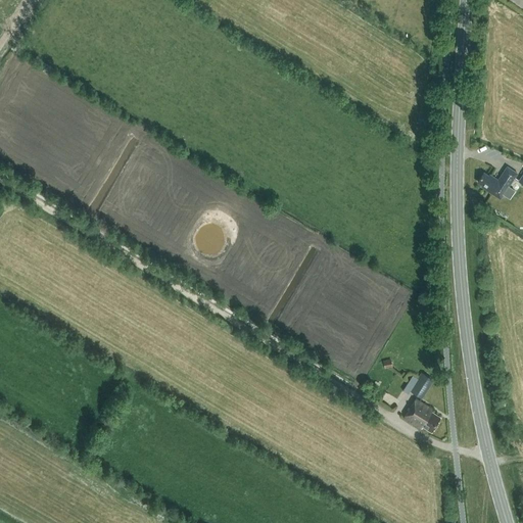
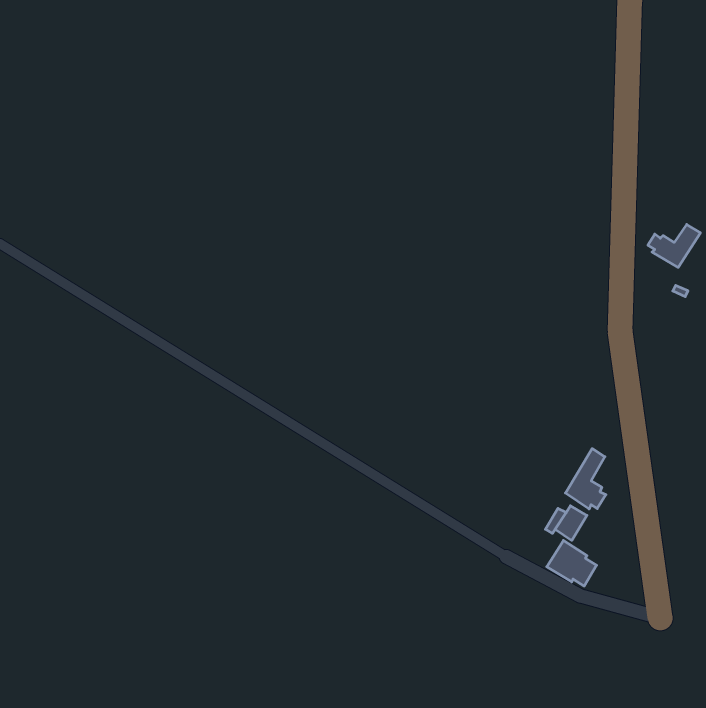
building: none -> [565,449,606,509]

